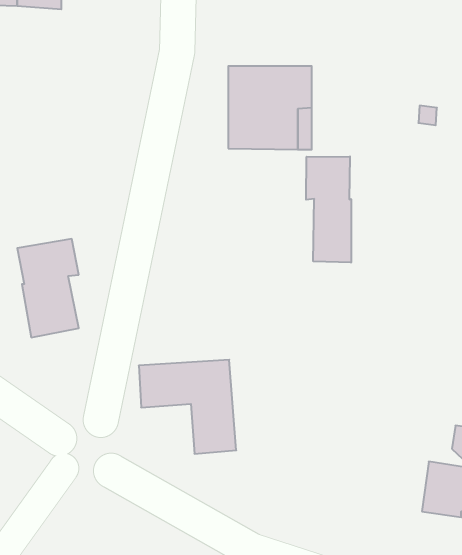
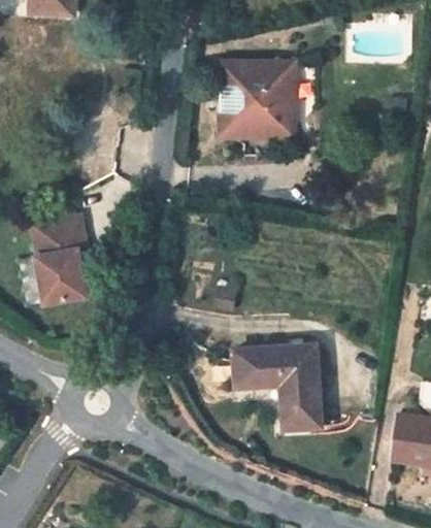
building: [306,156,351,263] -> none
building: [139,360,236,454] -> [235,346,322,430]

